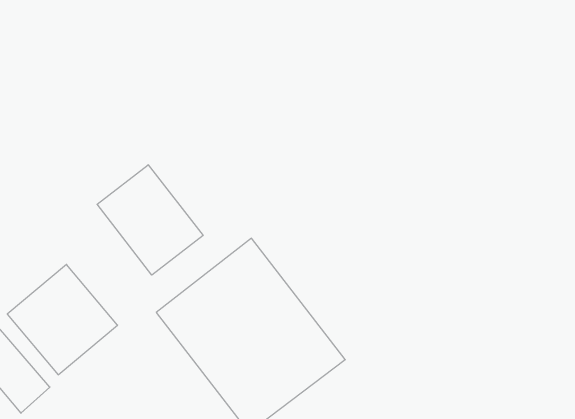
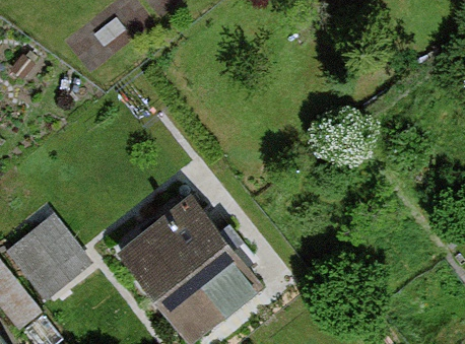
building: [97,165,203,275] -> none

